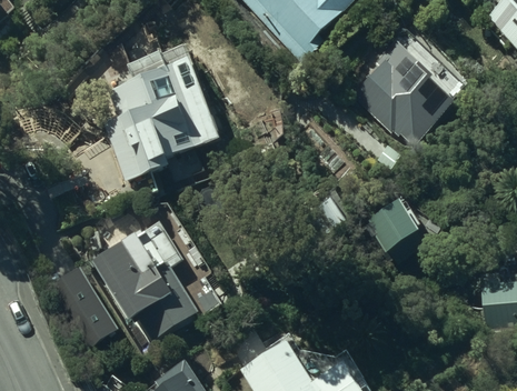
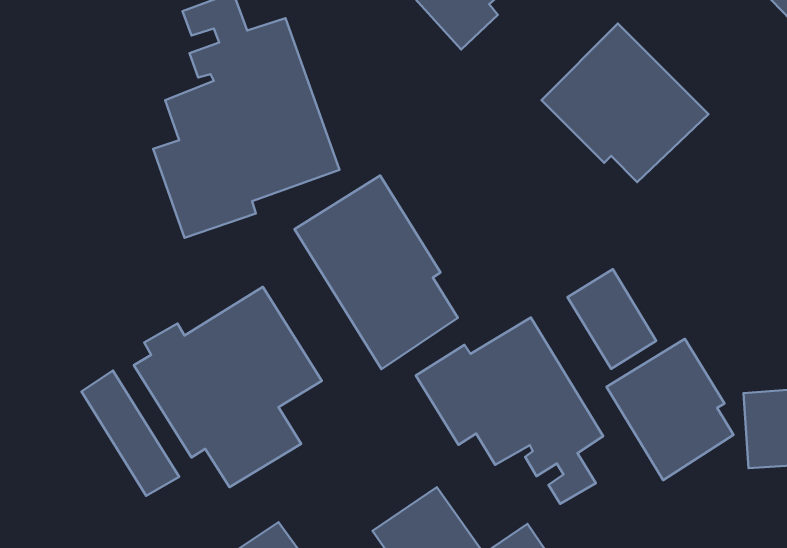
building: none -> [295,176,458,369]
building: none -> [416,317,603,504]
building: none -> [606,339,734,480]

